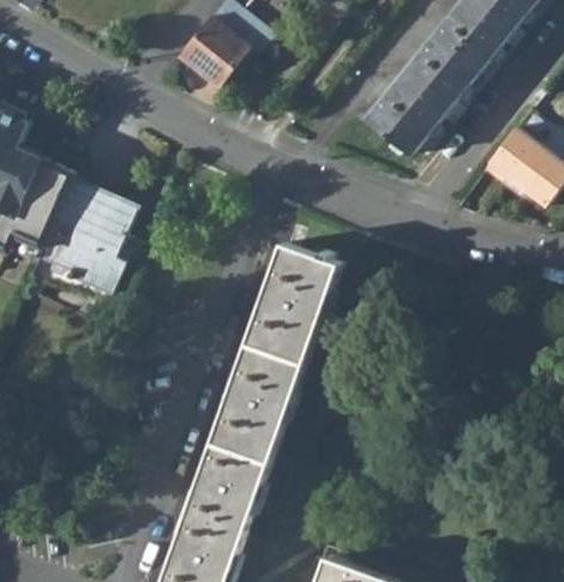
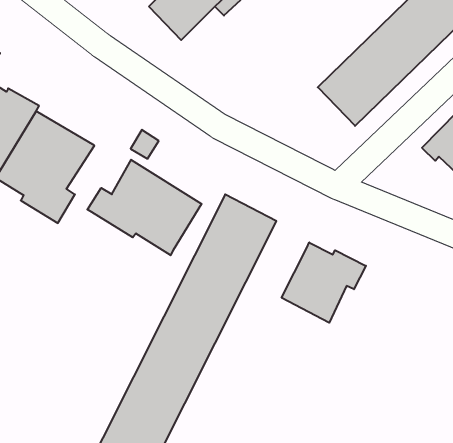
building: none -> [87,160,202,255]
building: none -> [282,242,366,323]

